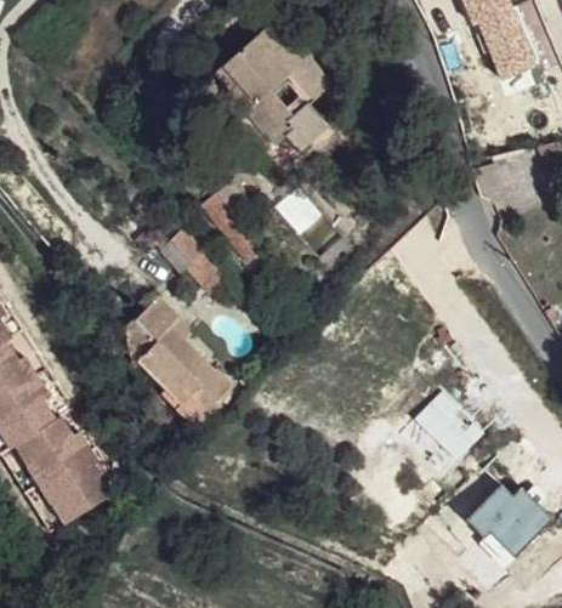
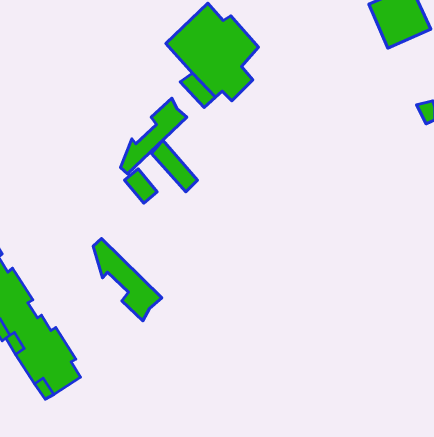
building: none -> [120,98,187,174]
building: [136,290,226,394] -> none
building: [413,392,487,466] -> none
building: [461,483,552,559] -> none

